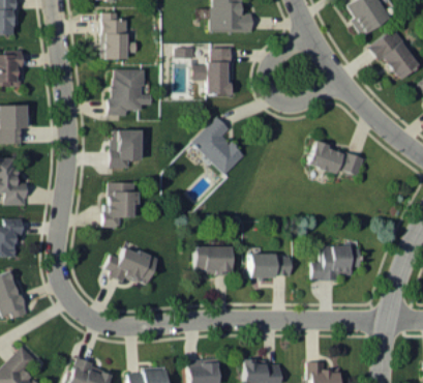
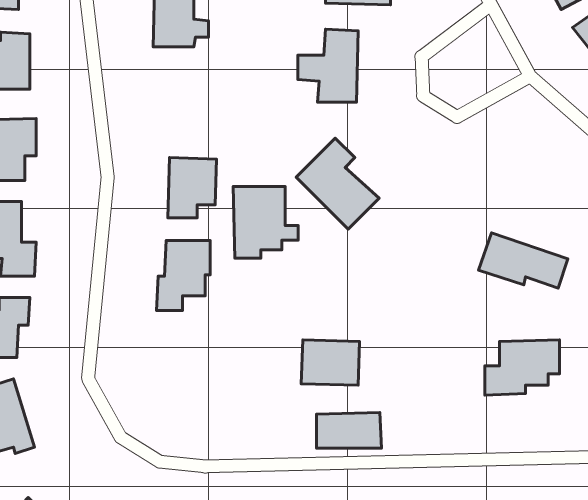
building: [111,69,152,115] -> [233,187,298,258]
building: [308,141,365,176] -> [478,233,568,288]
building: [104,245,158,286] -> none
building: [250,254,292,276] -> [317,413,382,448]

